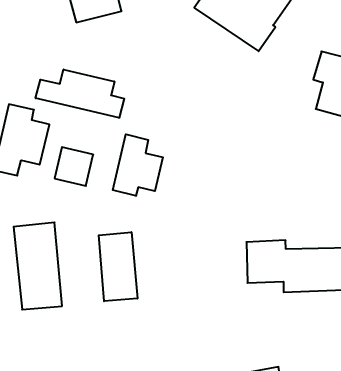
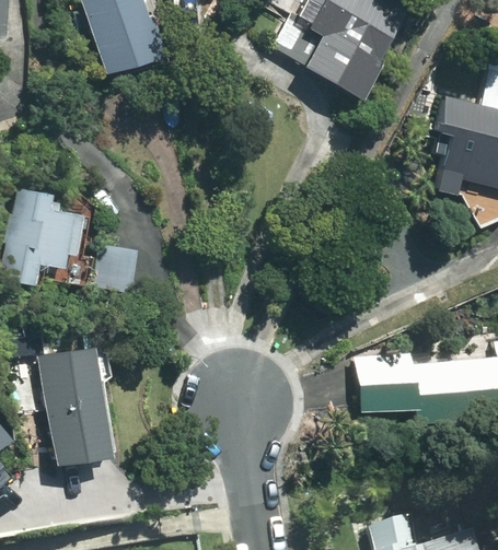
building: [36,69,124,118] -> none
building: [113,134,163,196] -> none
building: [99,232,137,301] -> none

